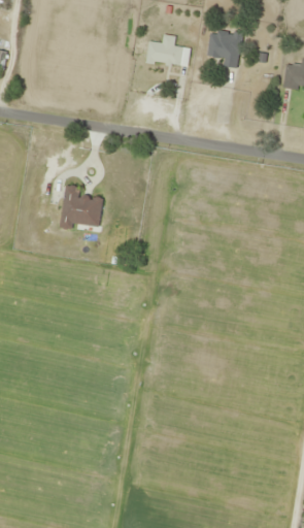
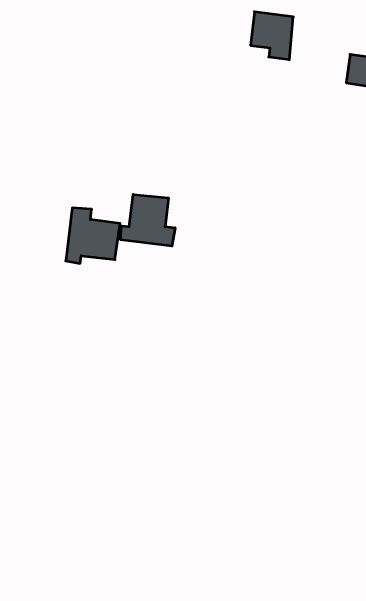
building: [146,35,189,65] -> none
building: none -> [121,194,175,246]

